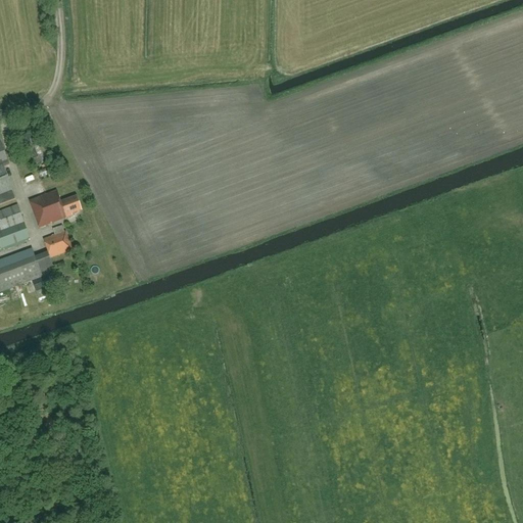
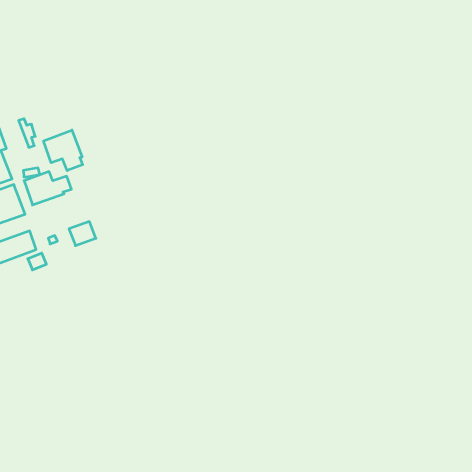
building: none -> [44,130,83,171]
building: [41,229,70,255] -> [69,222,96,246]

